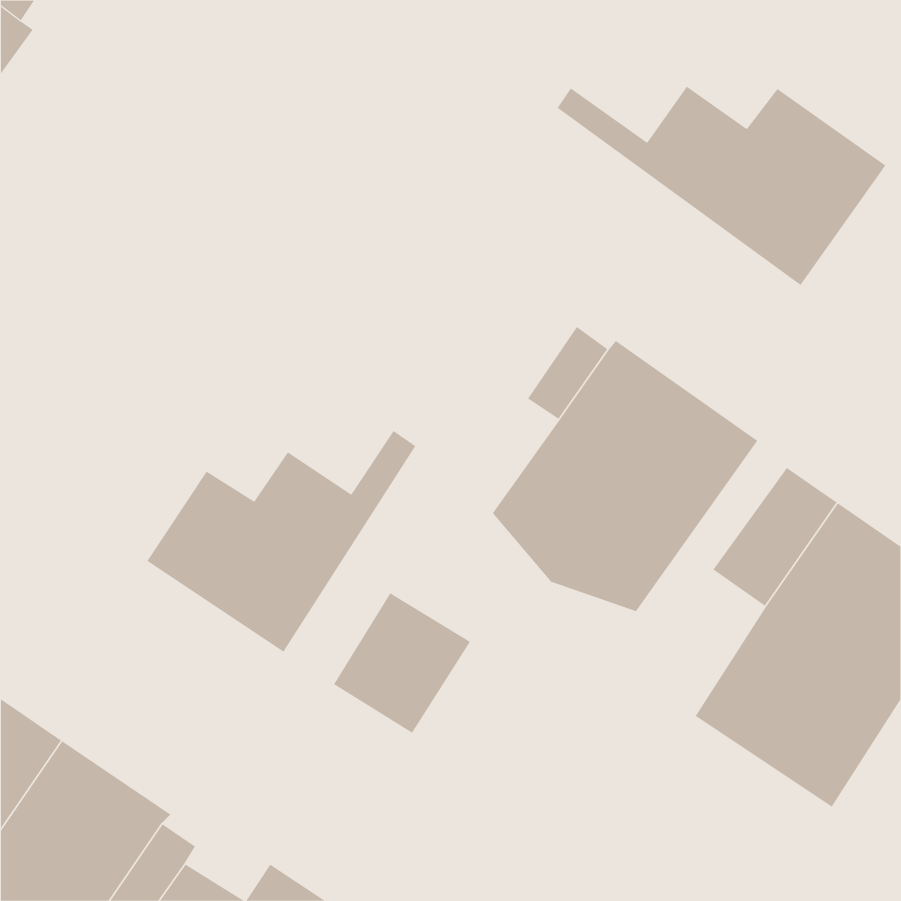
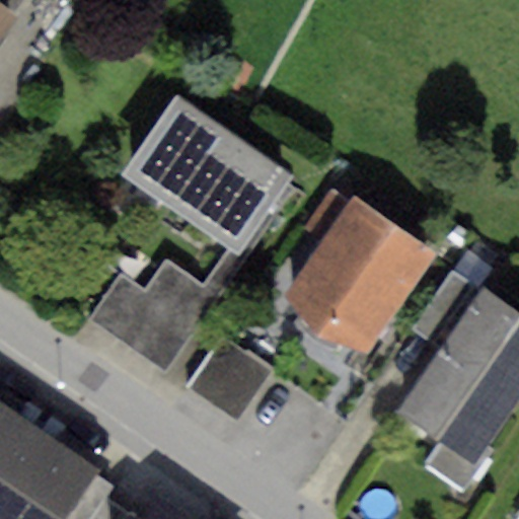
building: [557,86,886,286] -> none
building: none -> [121,94,294,256]

